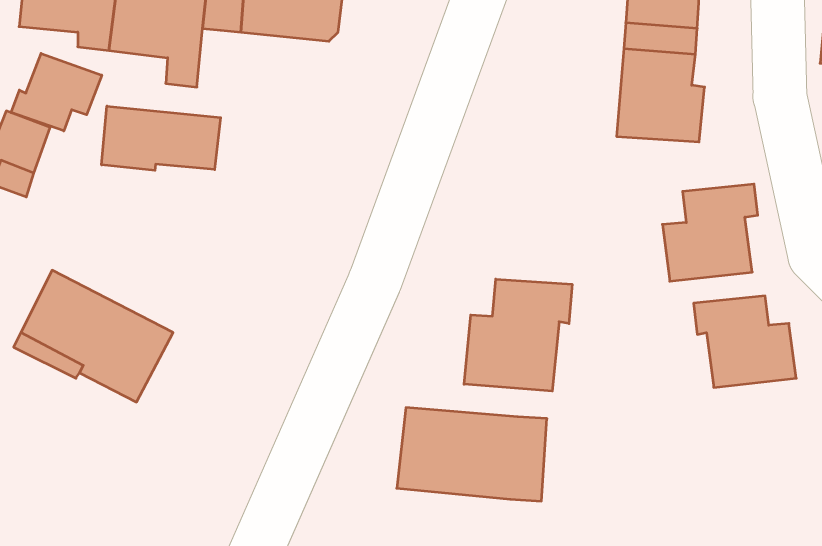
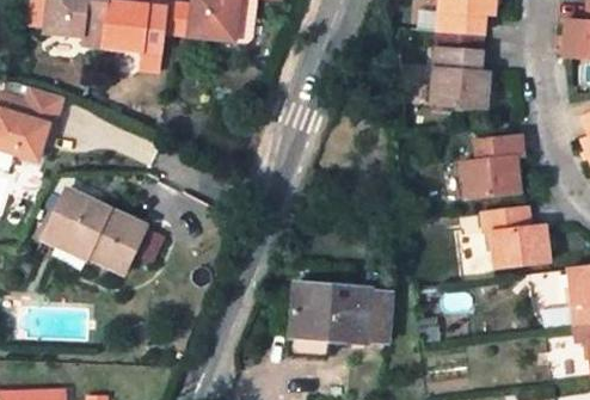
building: [11,53,102,131] -> none
building: [102,106,221,170] -> none
building: [464,279,572,391] -> none

